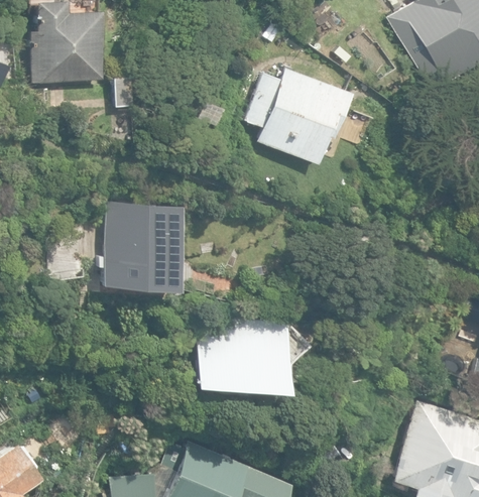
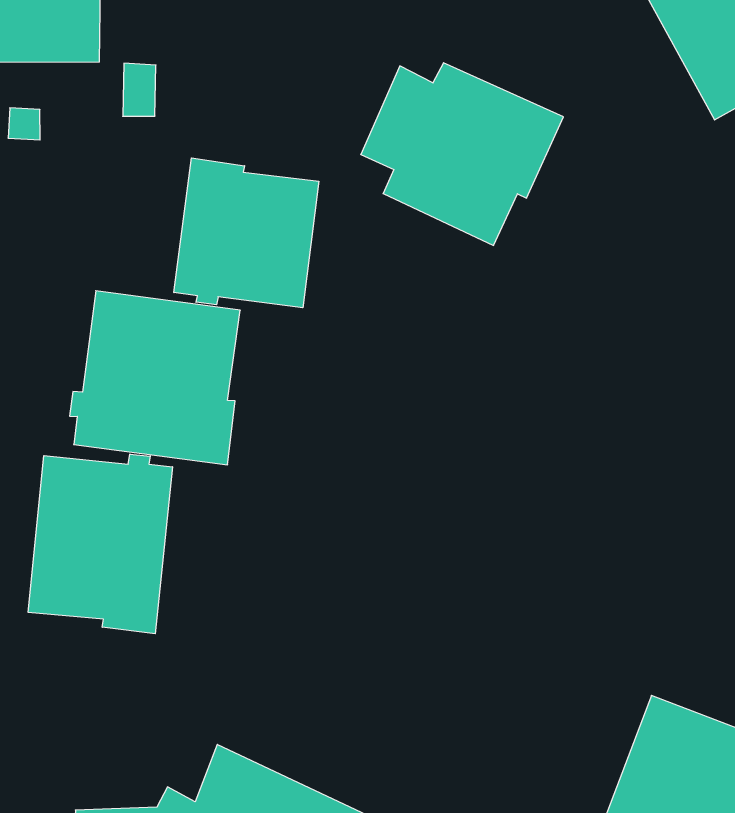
building: none -> [174,158,319,308]
building: none -> [28,454,172,634]
building: [197,317,288,391] -> none

